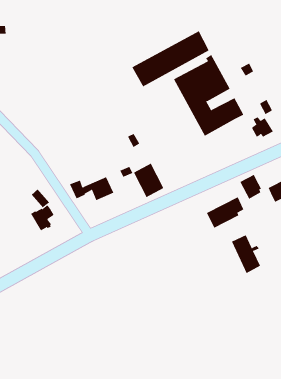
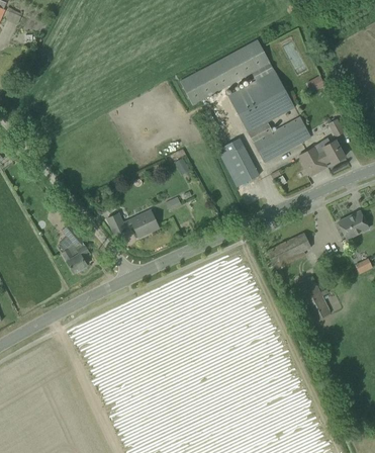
building: [133,163,164,198] -> [221,147,258,187]
building: [239,174,262,199] -> [298,147,324,176]

